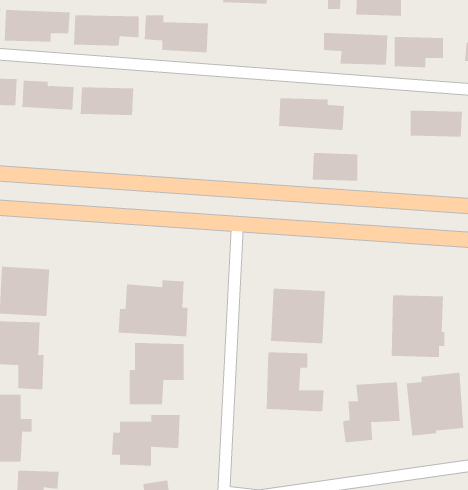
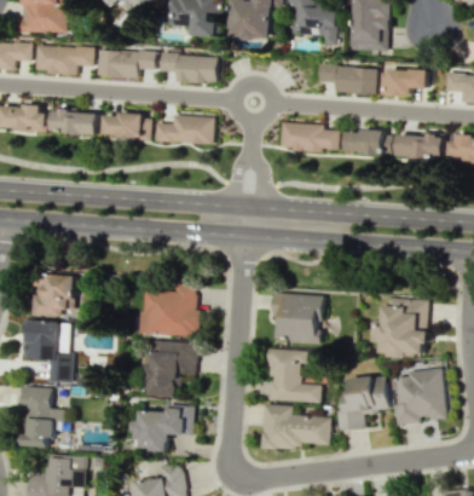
building: none -> [155,114,213,143]
building: [312,153,358,181] -> [345,128,386,154]
building: none -> [261,403,330,448]

